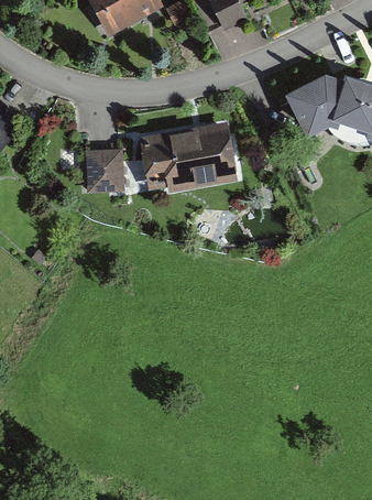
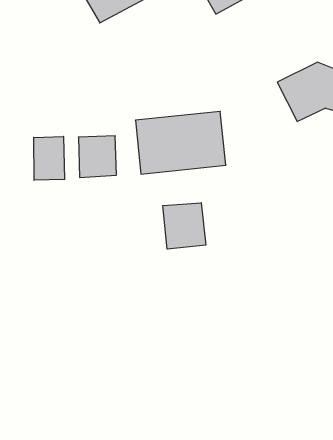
building: none -> [34,136,65,180]
building: none -> [163,203,206,249]

